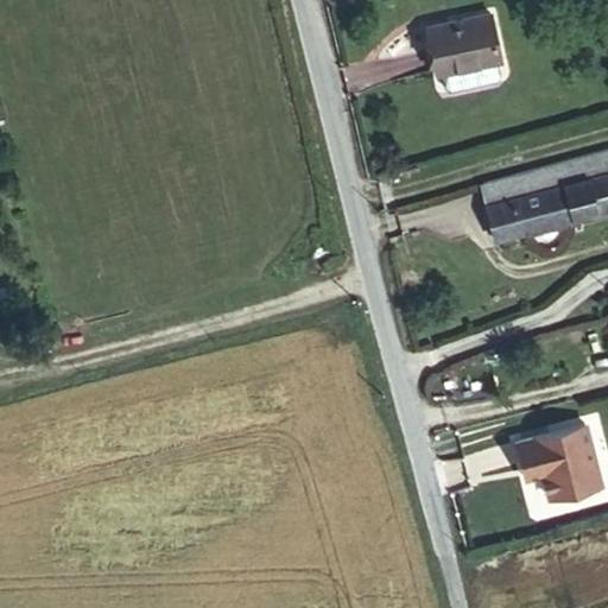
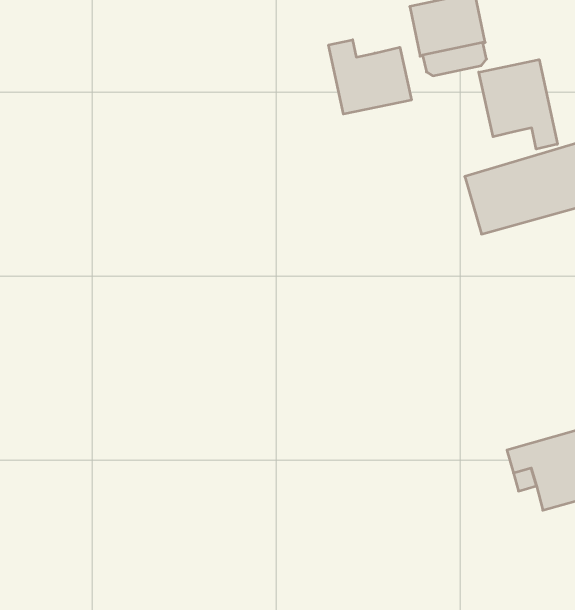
building: none -> [329,40,411,114]
building: none -> [479,60,557,149]

